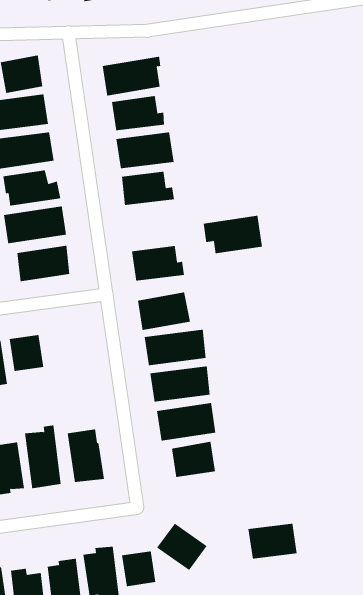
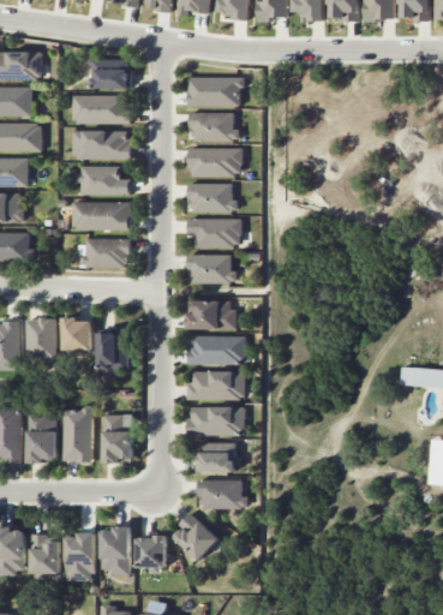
building: [203,215,263,254] -> [187,217,240,247]
building: none -> [97,327,127,369]
building: [248,523,298,559] -> [199,479,243,509]

